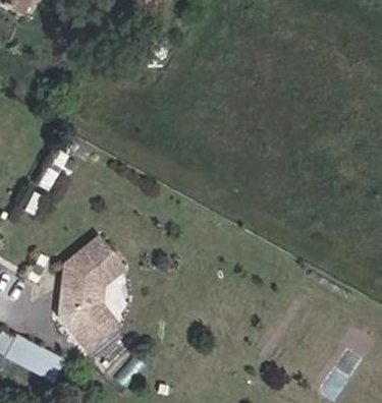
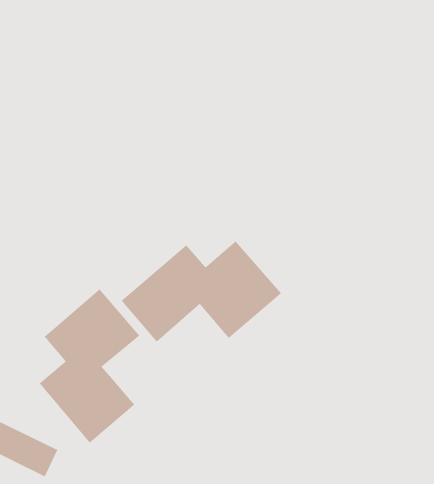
building: none -> [121,240,282,343]

